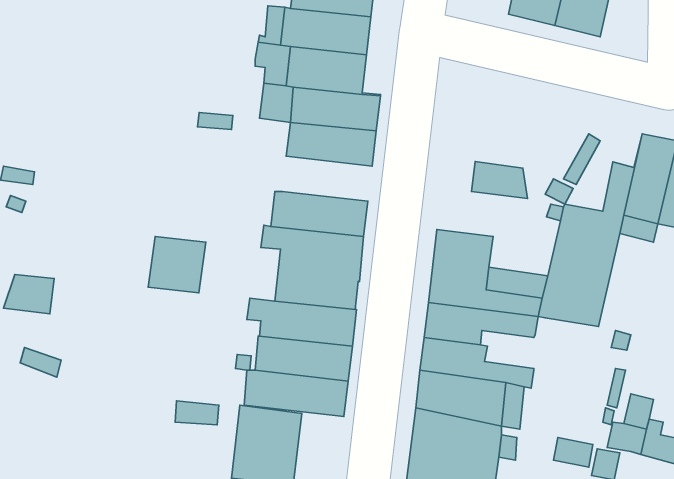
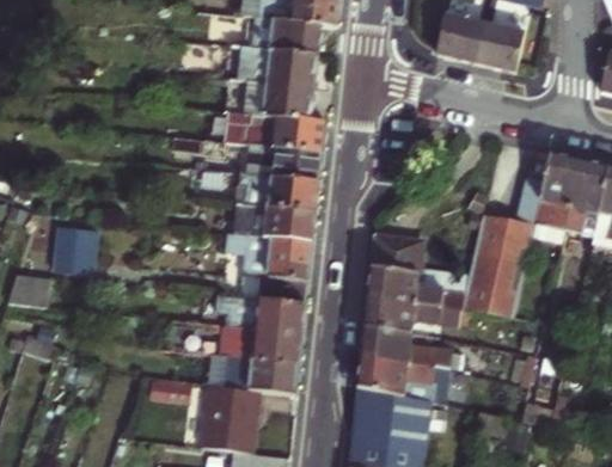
building: none -> [239,173,320,211]
building: [471,162,527,199] -> none
building: [148,236,206,293] -> [53,226,102,274]

